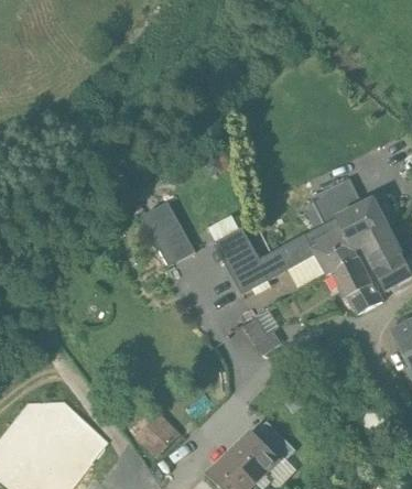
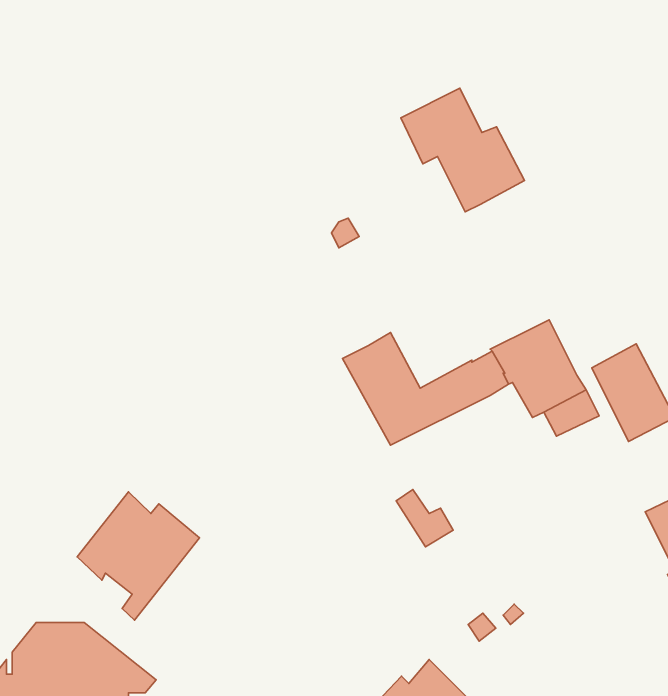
building: [315,177,389,251] -> [401,88,524,212]
building: [143,200,196,264] -> none
building: [341,275,381,315] -> none
building: none -> [77,492,200,620]

